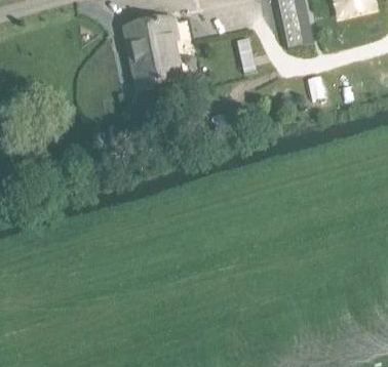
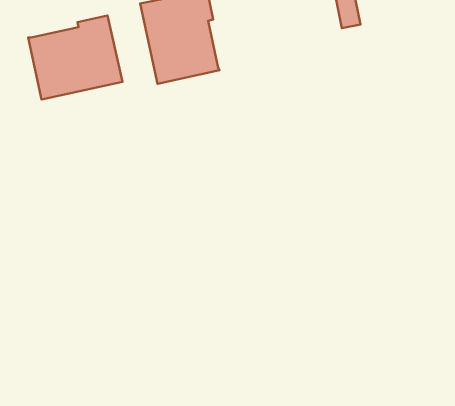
building: none -> [28,15,123,100]

